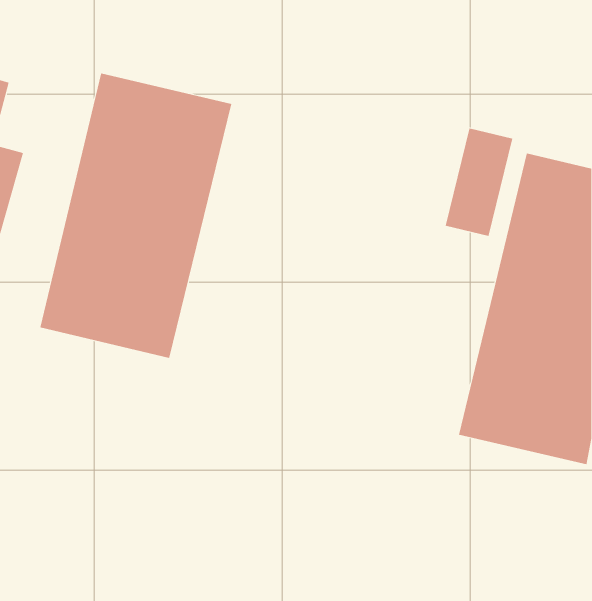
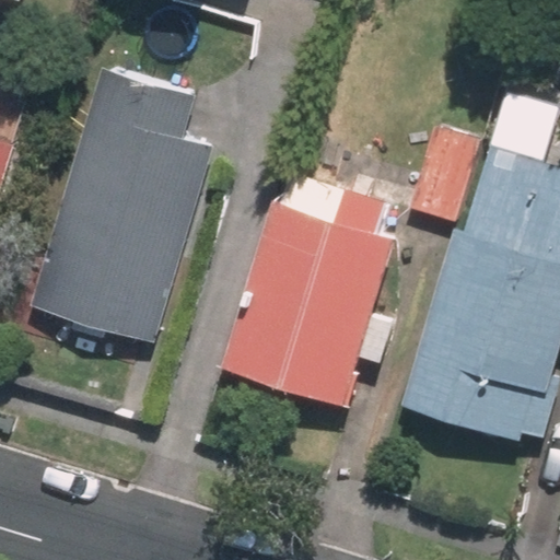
building: none -> [230,207,397,407]

